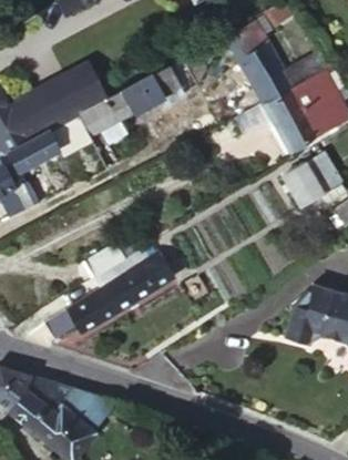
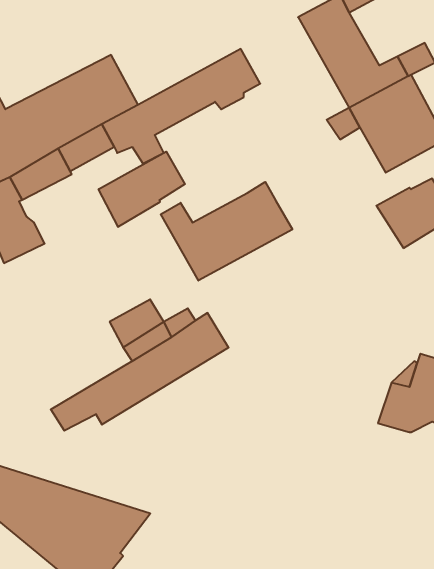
building: none -> [99,152,185,227]
building: none -> [161,182,292,281]

